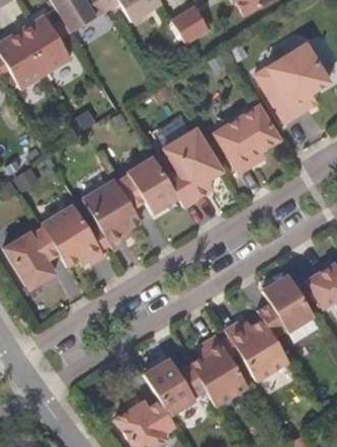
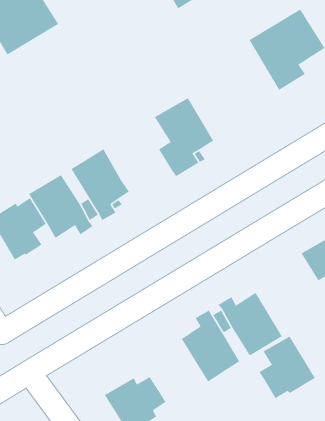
building: [213,105,280,174] -> none
building: [115,155,178,214] -> none
building: [257,275,313,337] -> [258,335,316,399]
building: [143,359,205,416] -> none

